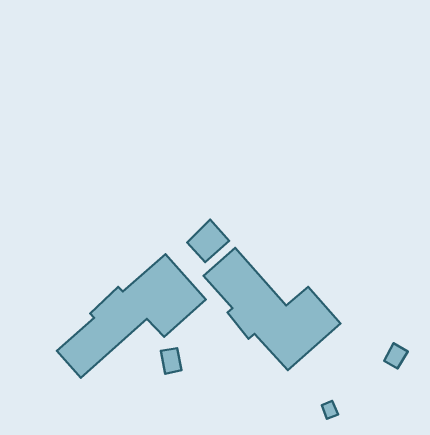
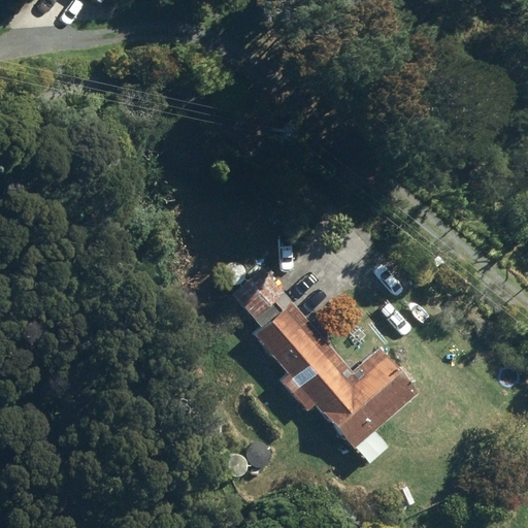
building: [57,254,206,378] -> none

